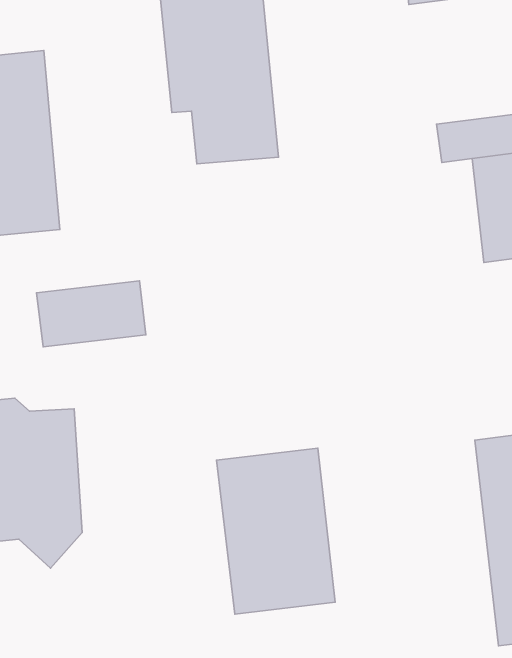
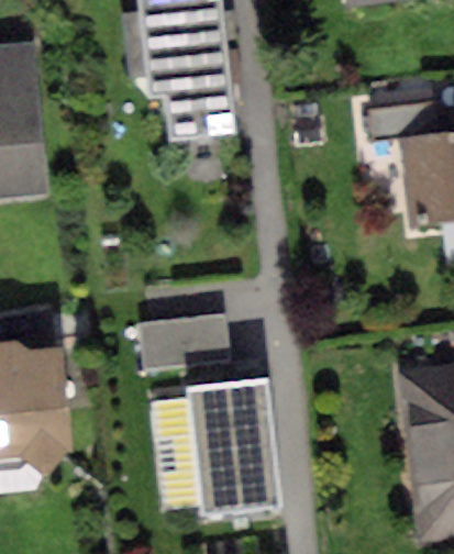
building: [37,281,146,347] -> [139,310,230,365]

